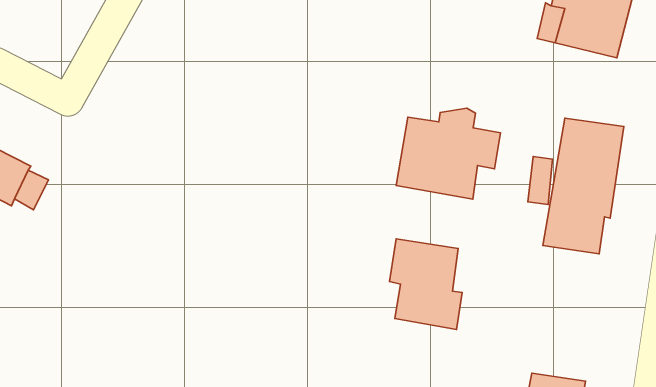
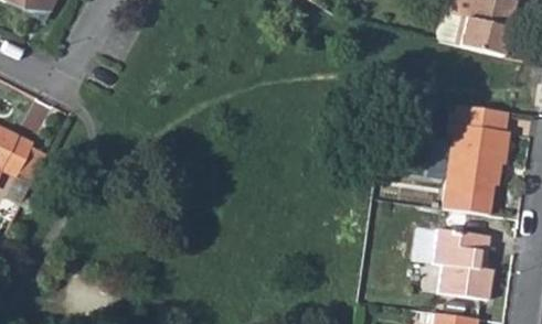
building: [396,108,500,199] -> none
building: [389,239,462,329] -> [435,227,493,300]

